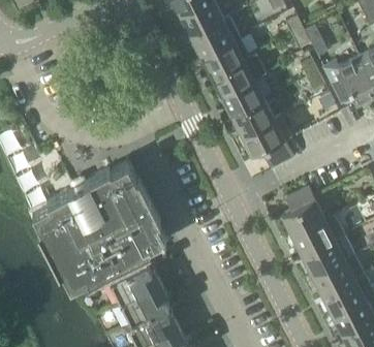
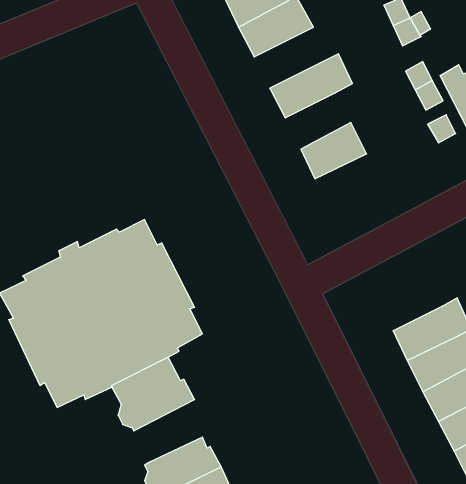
building: [200,35,250,75] -> none
building: [221,78,264,116] -> none
building: [241,116,294,169] -> none
building: [282,187,325,235] -> none
building: [120,281,169,322] -> none

